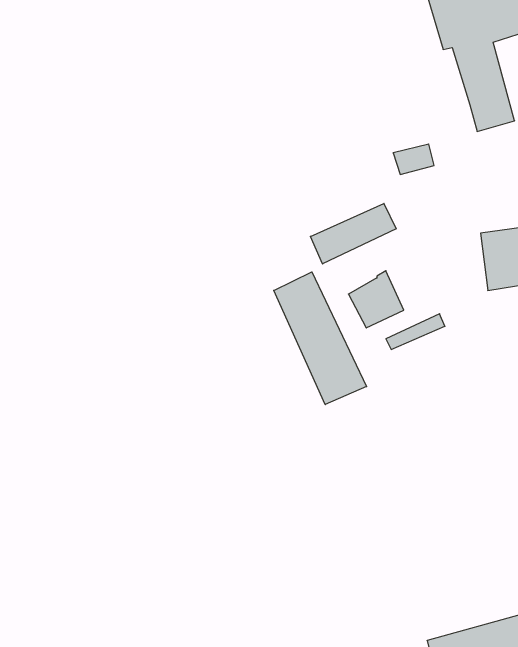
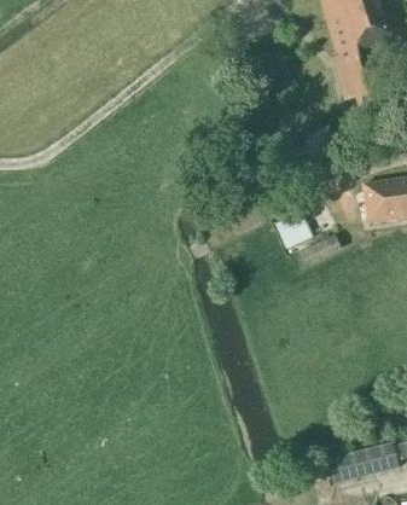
building: [310,203,396,264] -> none
building: [274,272,367,405] -> none

